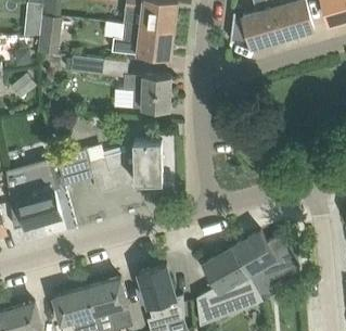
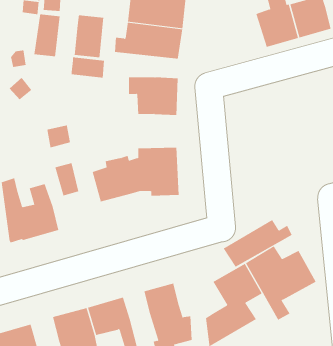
building: none -> [74,14,104,58]
building: none -> [223,219,292,268]

